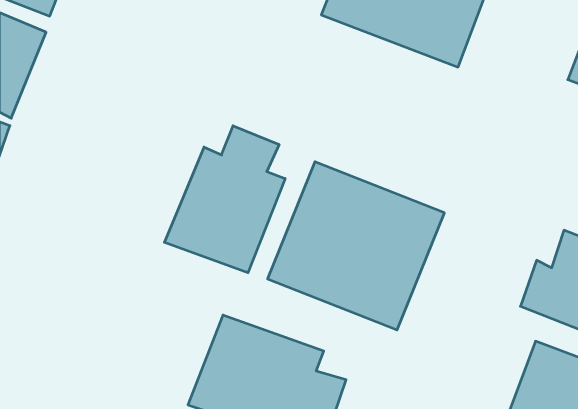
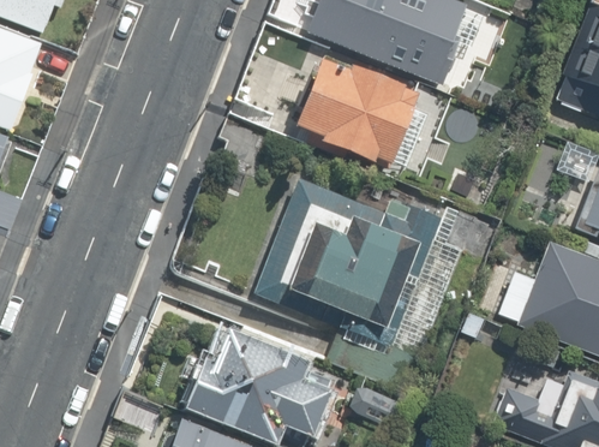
building: none -> [294,58,427,174]
building: [164,126,285,273] -> none

